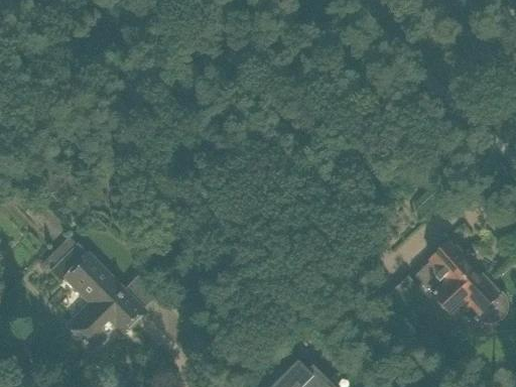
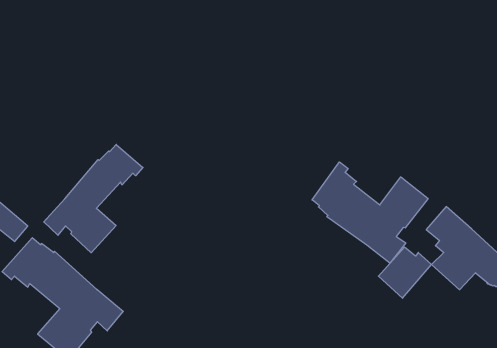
building: none -> [44,144,143,253]
building: none -> [312,162,428,263]

